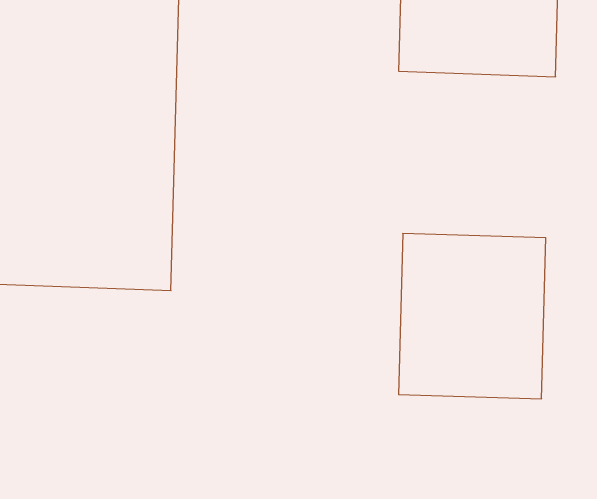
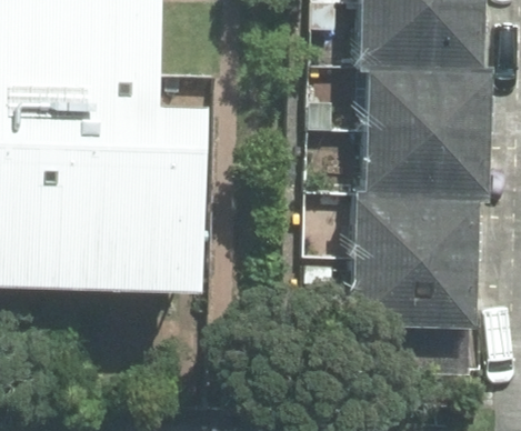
building: none -> [353,83,473,209]

